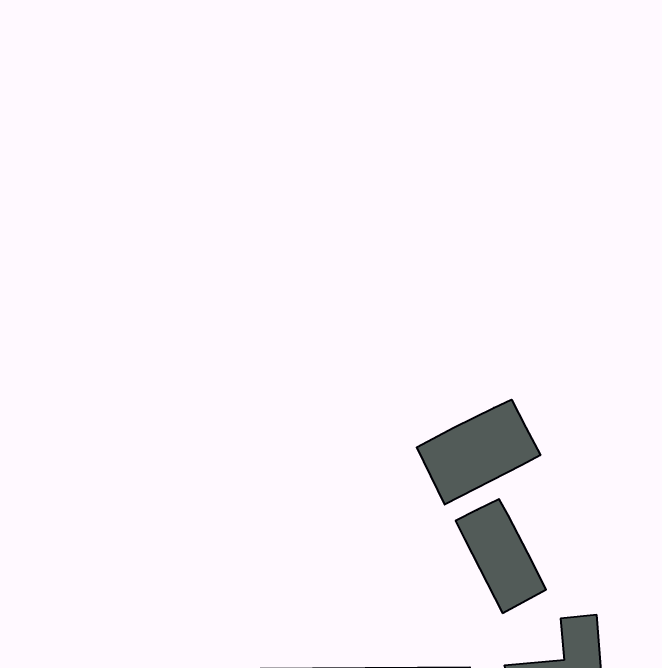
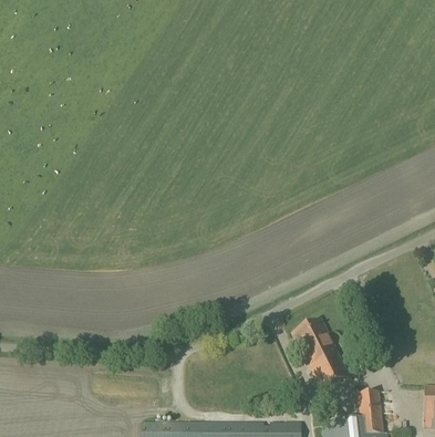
building: [417,400,540,505] -> none

